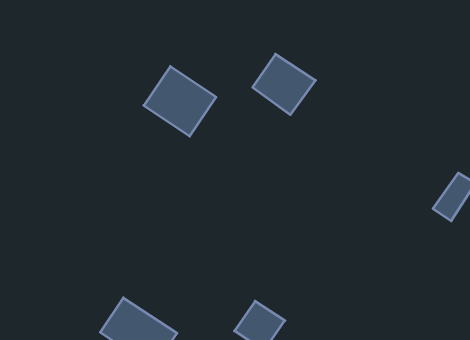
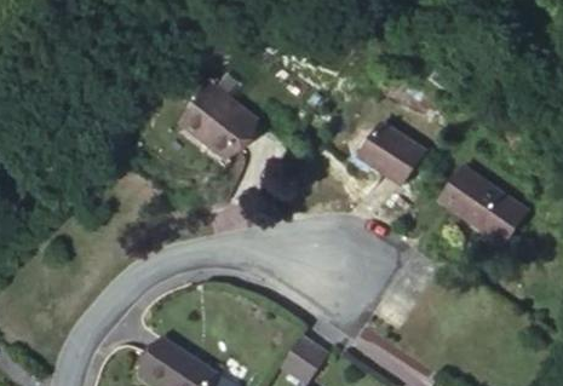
building: [253,54,316,115] -> [361,126,427,190]
building: none -> [443,169,513,237]

